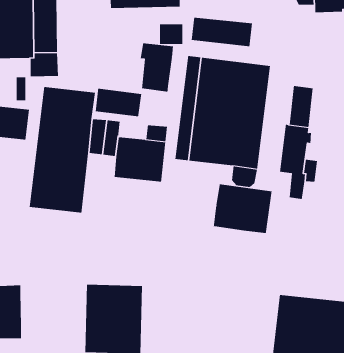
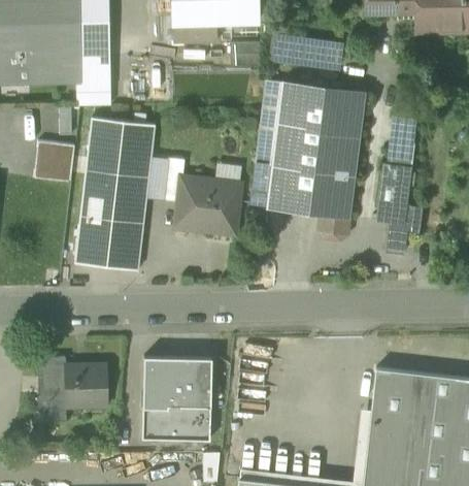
building: [140,43,173,93] -> none
building: [95,88,142,117] -> none
building: [213,183,272,234] -> none
building: none -> [66,365,107,407]

